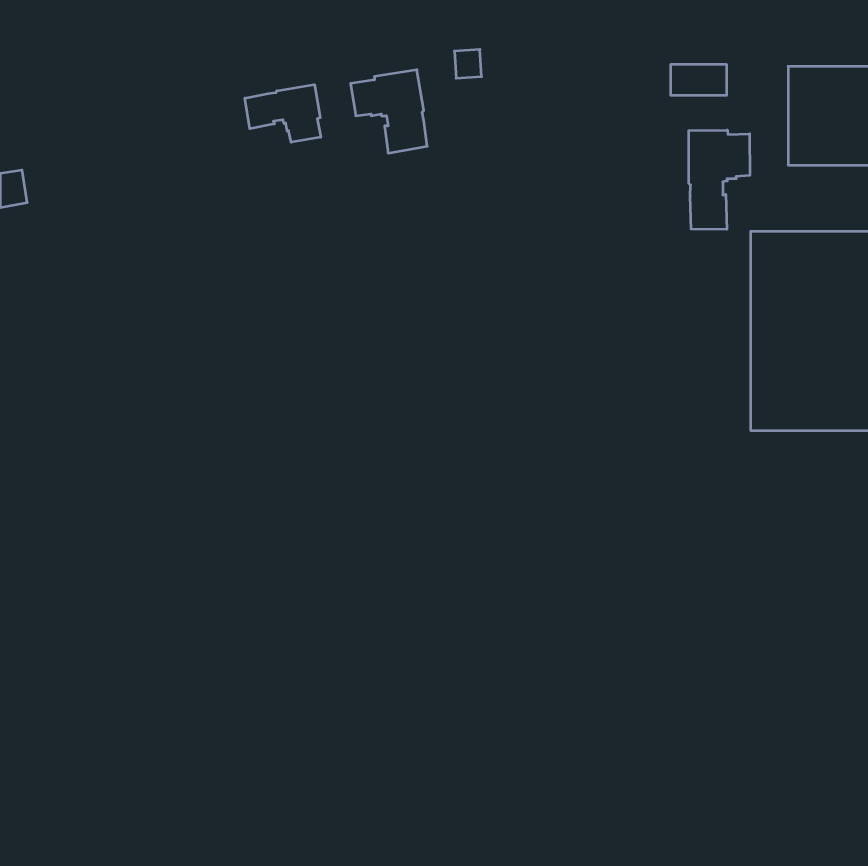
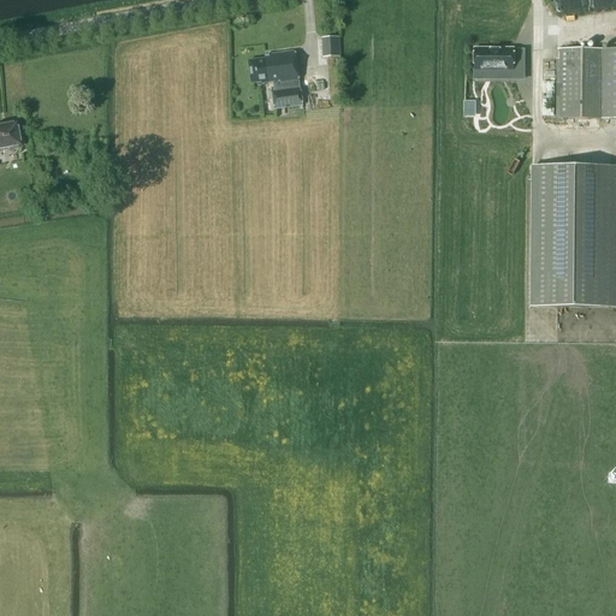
building: [245,85,321,142] -> none
building: [689,130,750,229] -> none

